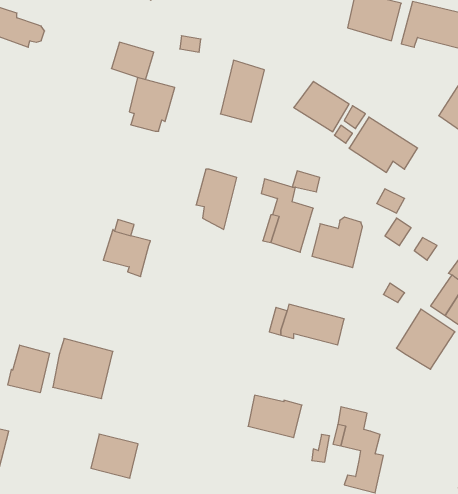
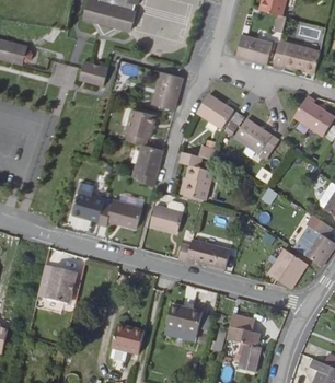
building: [129,78,175,131] -> [122,116,152,152]
building: [312,217,362,268] -> [151,205,185,239]
building: none -> [95,201,139,230]
building: [8,345,50,393] -> none
building: [91,434,138,478] -> [113,324,145,353]

